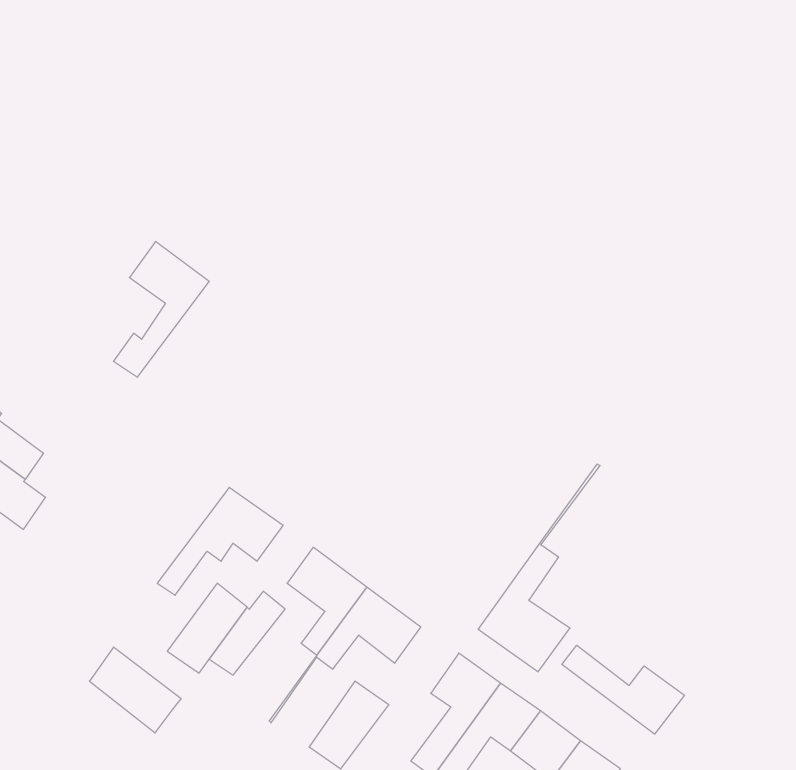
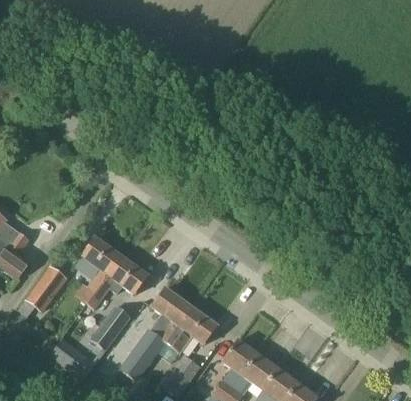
building: [113,241,209,377] -> [73,236,121,304]
building: [478,464,600,672] -> none
building: none -> [17,264,67,317]
building: none -> [127,330,165,373]
building: [562,645,685,734] -> none

